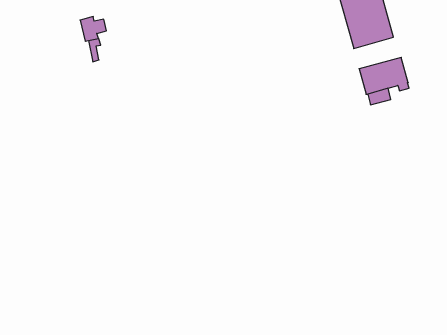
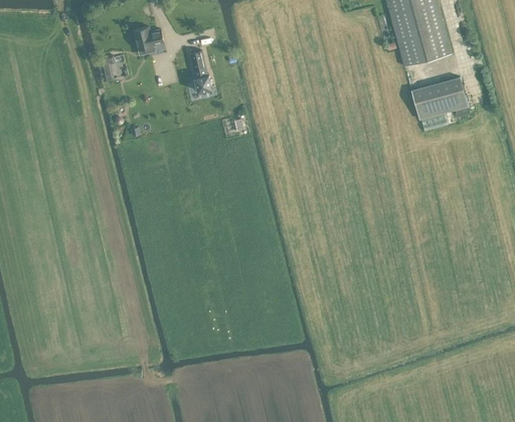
building: [80,17,106,41] -> [134,25,164,53]
building: none -> [190,50,212,90]

